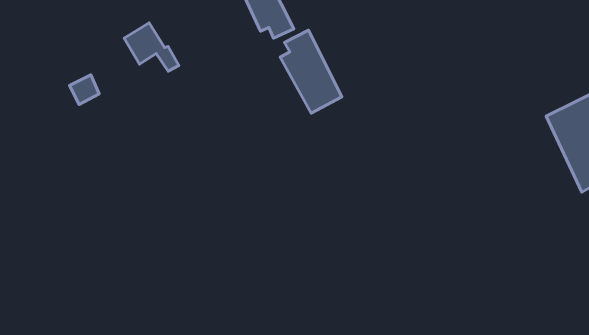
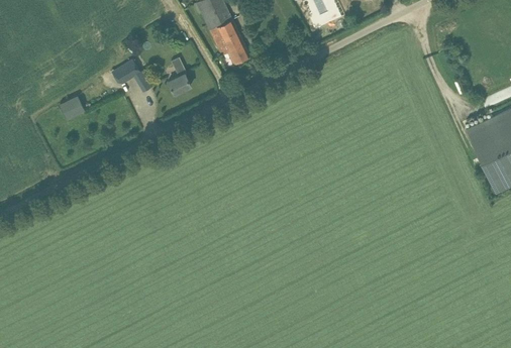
building: [280,30,342,113] -> none
building: none -> [168,57,191,95]

